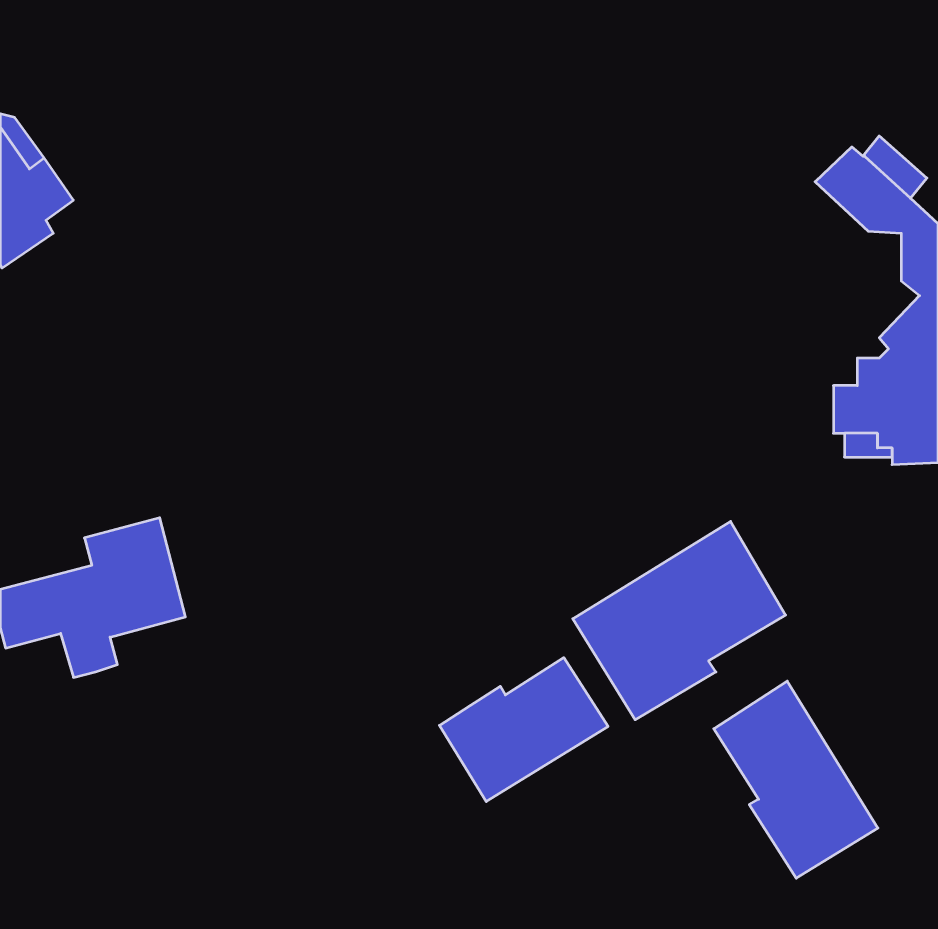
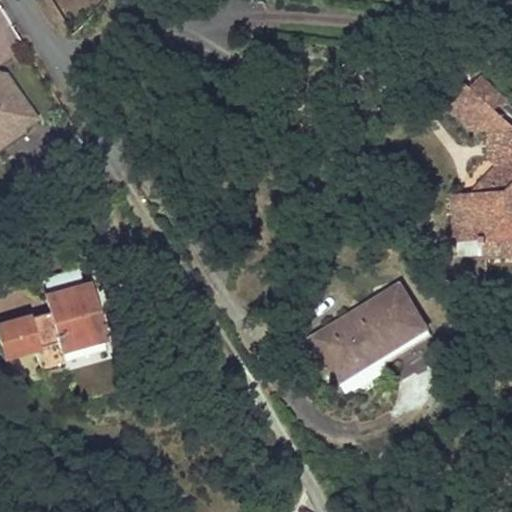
building: [439,658,608,802] -> none
building: [714,681,878,878] -> none

